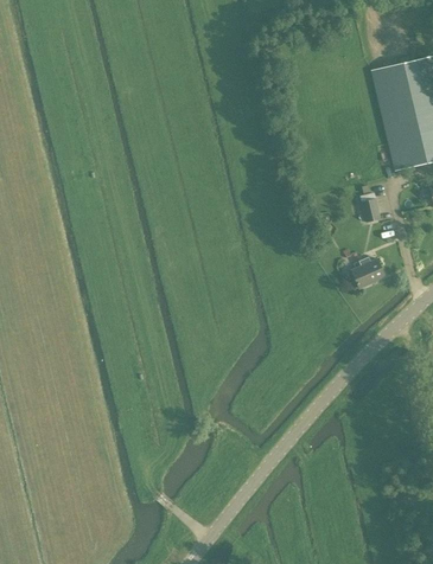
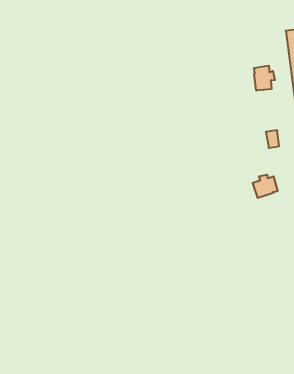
building: none -> [254,66,275,91]

